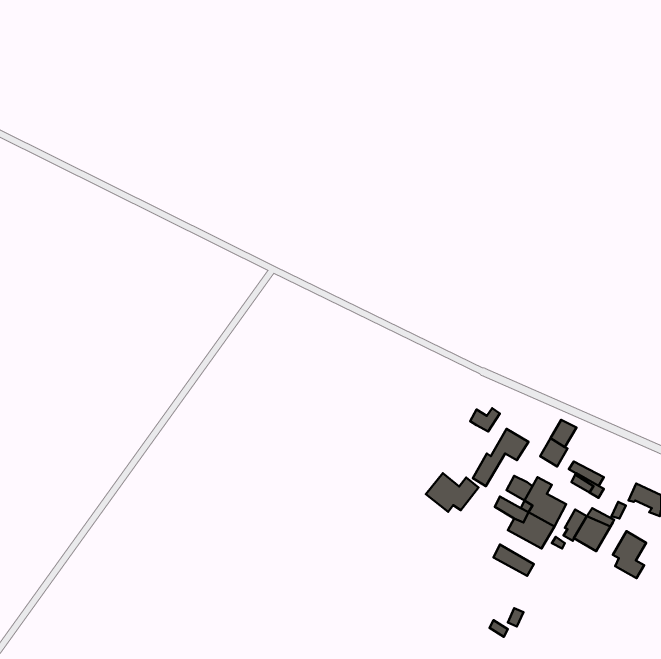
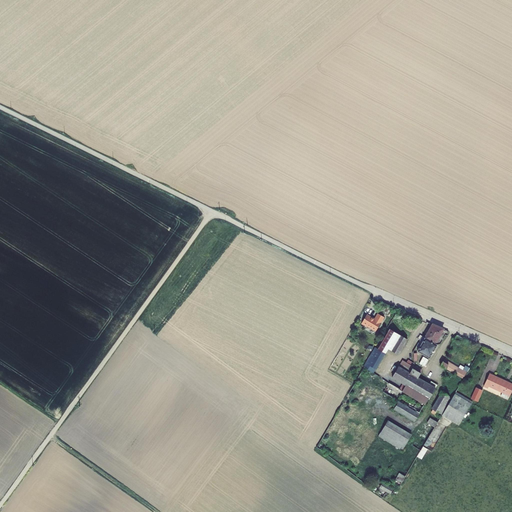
building: [426,473,478,512] -> none
building: [613,531,646,578] -> none

